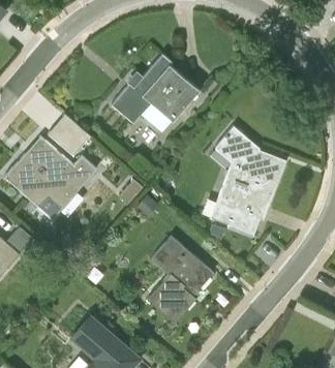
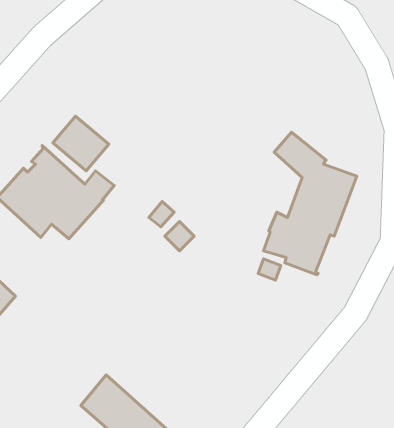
building: [112,54,200,132] -> none
building: [147,236,213,324] -> none

